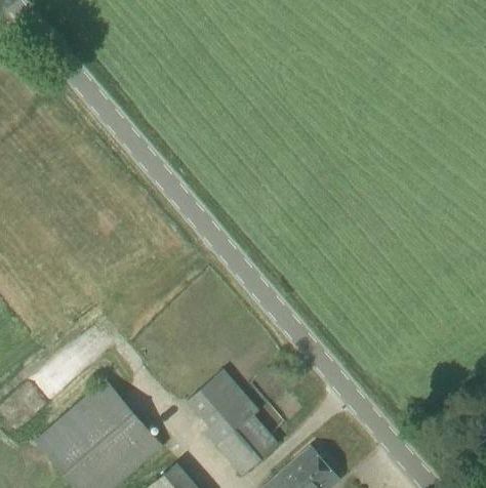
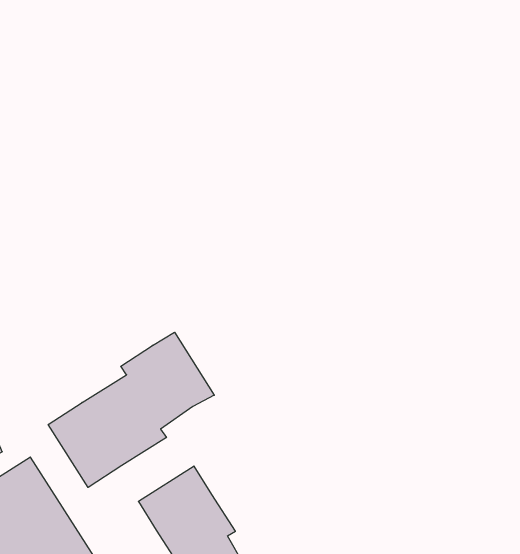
building: none -> [48,332,214,487]

